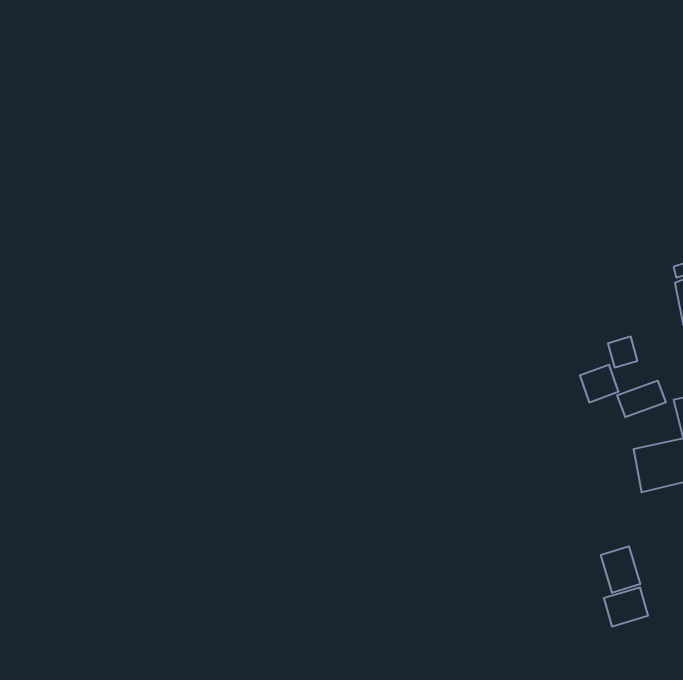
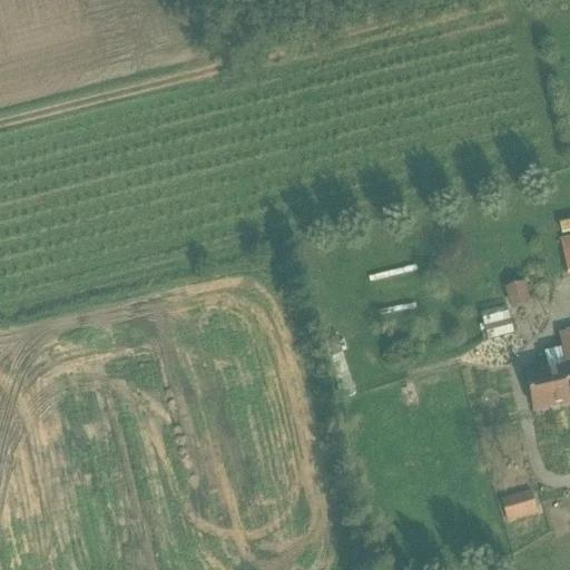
building: [617,381,666,417] -> none
building: [601,546,640,593] -> none

